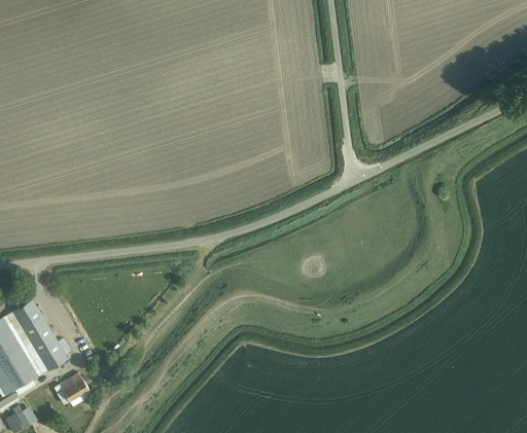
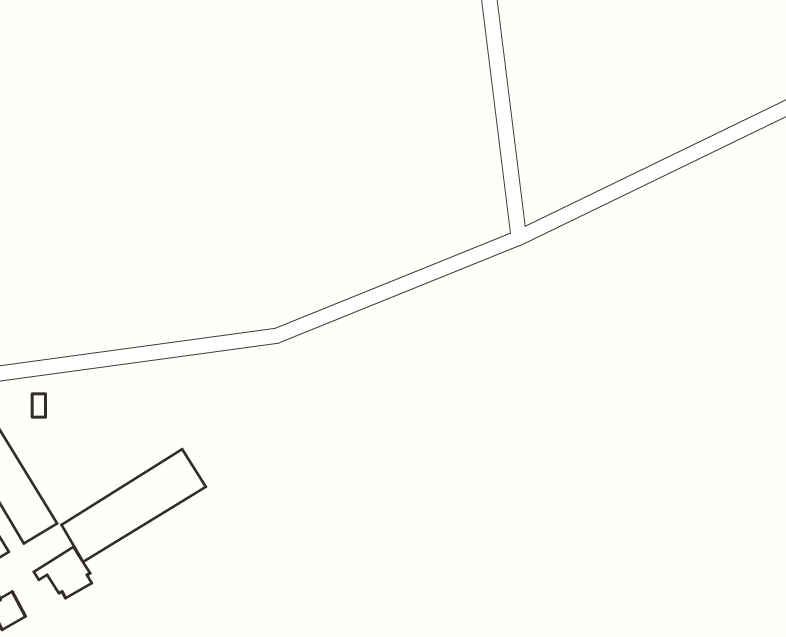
building: none -> [61,449,206,562]

